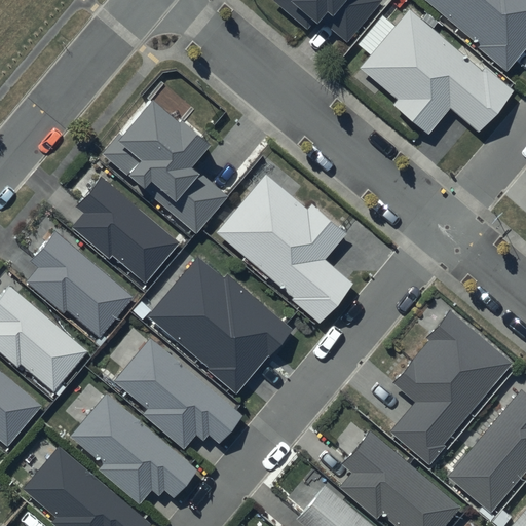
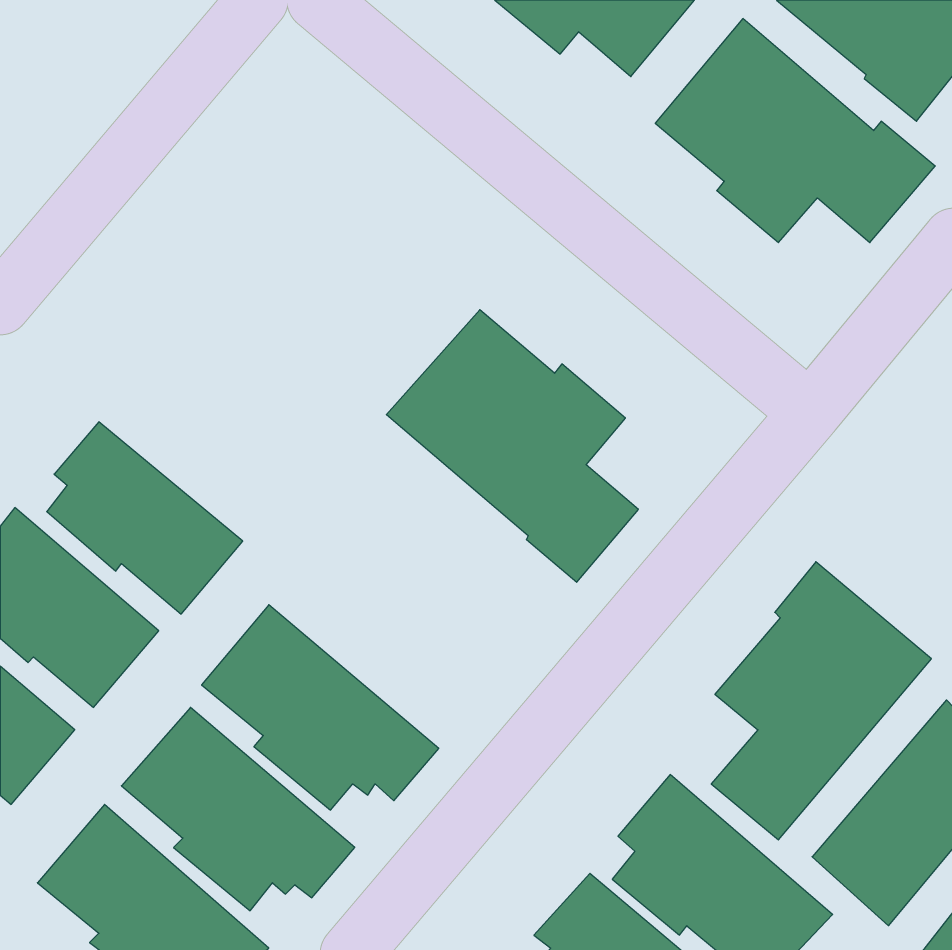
building: [104,102,229,236] -> none
building: [70,175,179,283] -> none
building: [147,261,296,400] -> none

